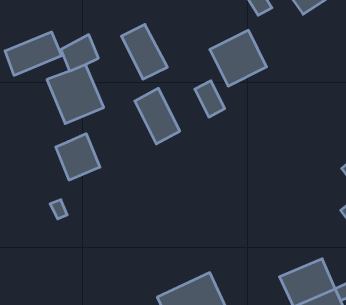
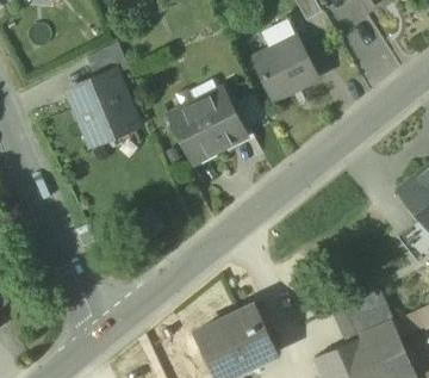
building: [121,24,167,79] -> [197,88,248,149]
building: [5,32,61,75] -> none
building: [56,134,100,180] -> none

